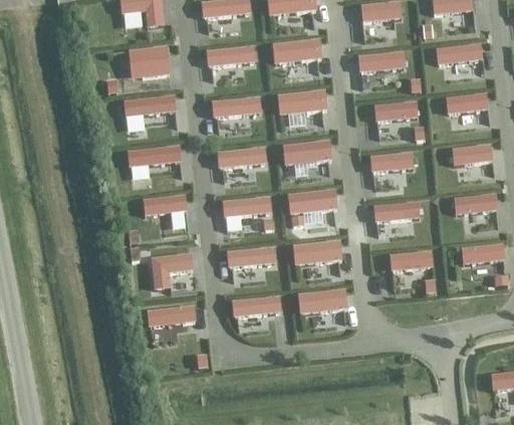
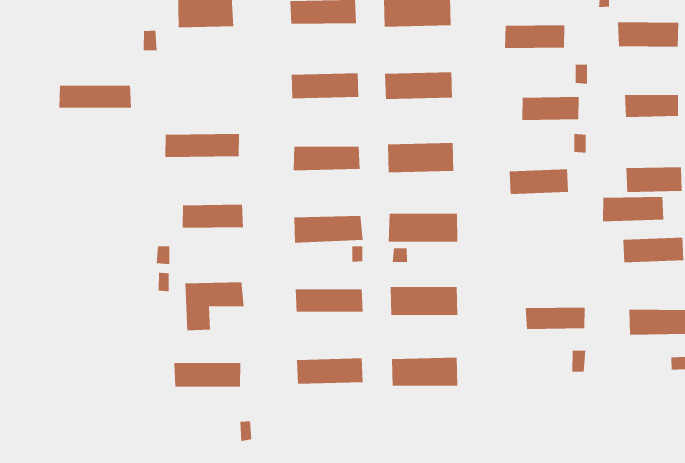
building: [124,95,177,116] -> [59,85,132,108]
building: [374,201,419,222] -> [602,197,664,222]

